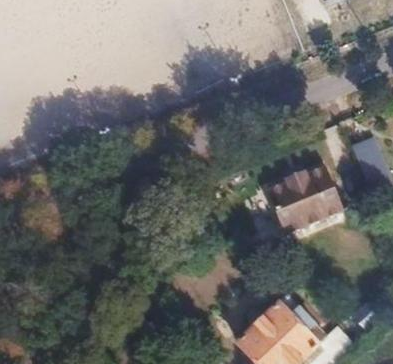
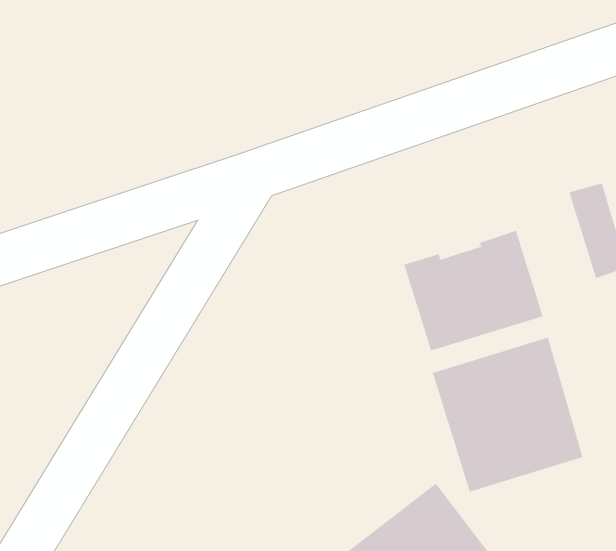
building: none -> [432,337,583,492]

